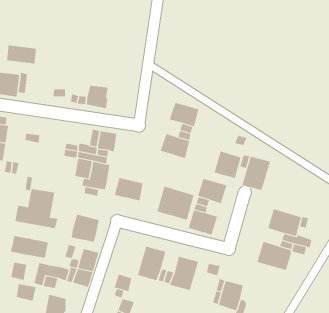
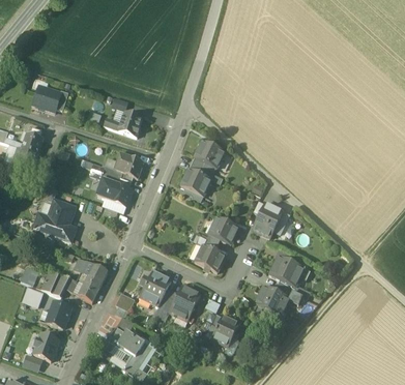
building: [6,44,36,65] -> none
building: [214,150,241,179] -> none
building: [114,177,143,201] -> none
building: [157,185,194,220] -> none
building: [71,214,99,242] -> none
building: [10,235,49,259] -> none

